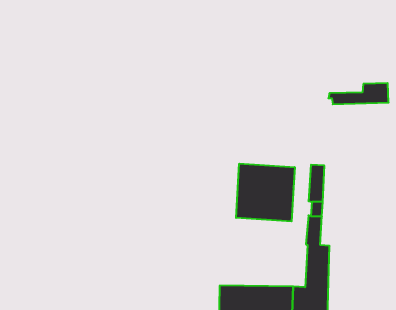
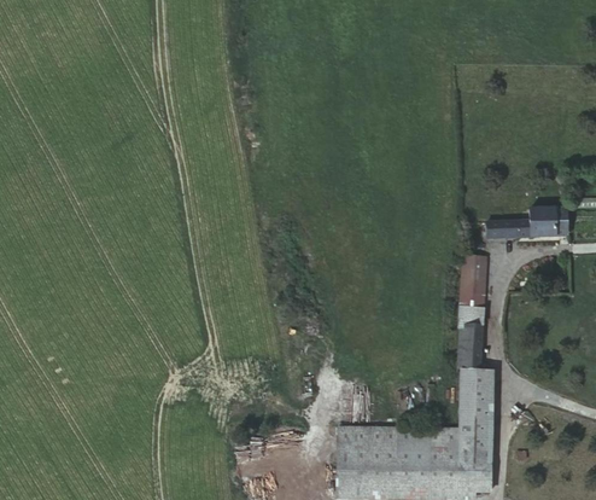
building: [328,83,389,104] -> [480,209,566,239]
building: [236,164,295,221] -> none

